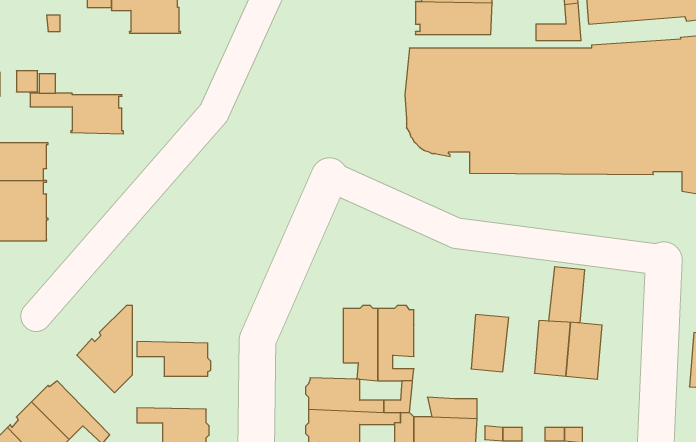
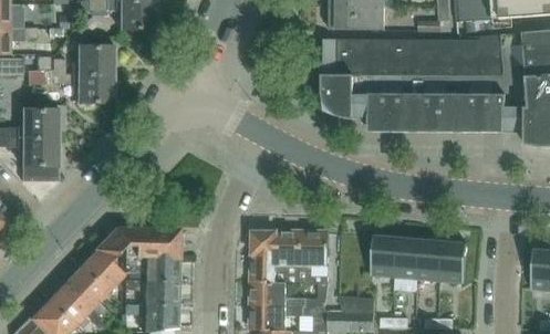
building: none -> [77,45,115,74]
building: [549,267,585,323] -> [394,238,421,279]
building: none -> [122,229,181,257]
building: none -> [252,231,288,283]
building: none -> [66,265,113,324]
building: none -> [125,280,179,305]

